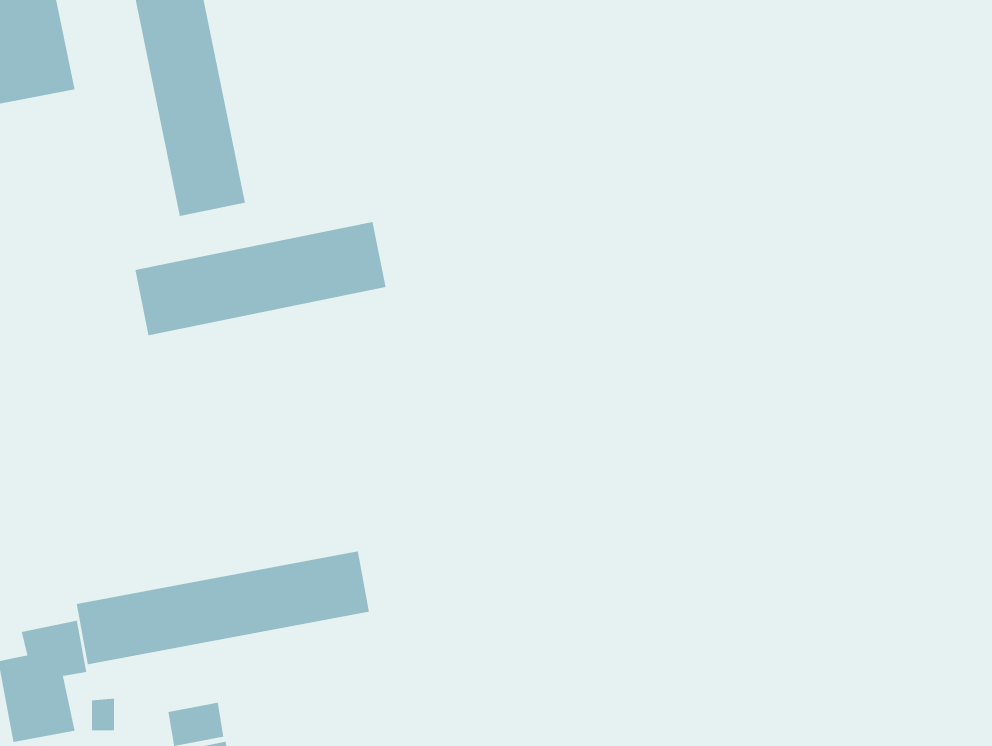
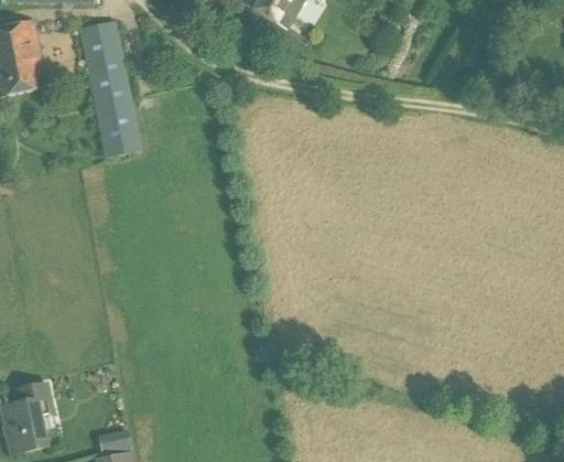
building: [135,221,387,336] -> none
building: [76,550,370,665] -> none

